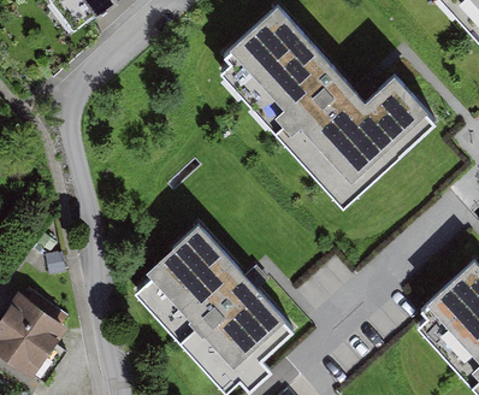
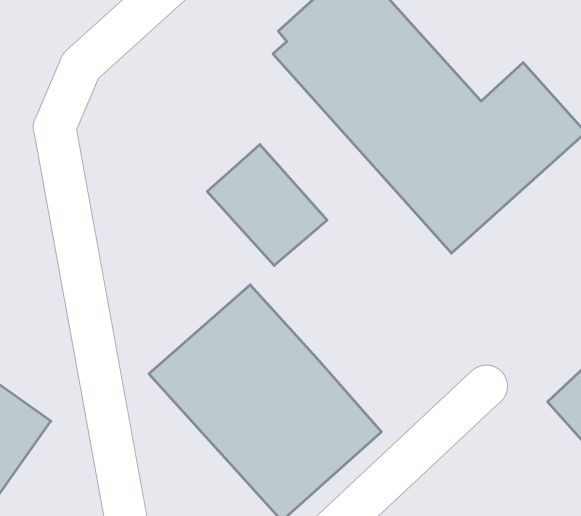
building: none -> [207,144,327,266]

